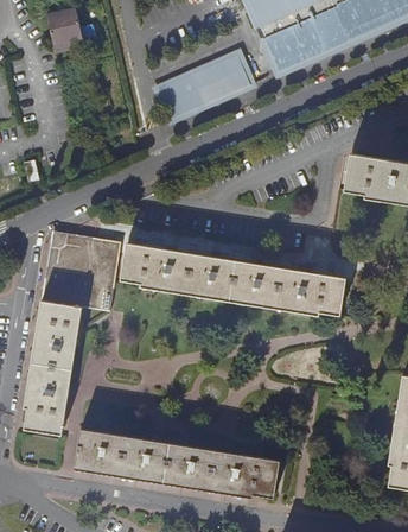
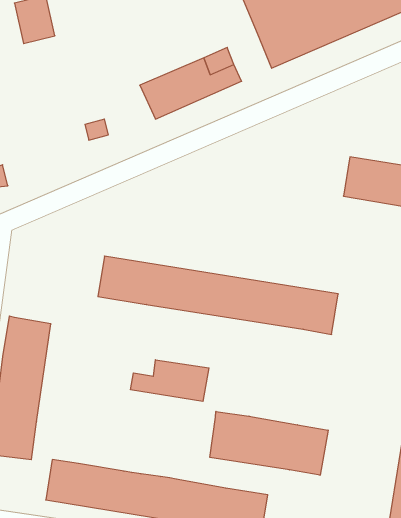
building: [46,241,116,310] -> none
building: none -> [131,360,209,401]
building: none -> [210,411,328,475]

